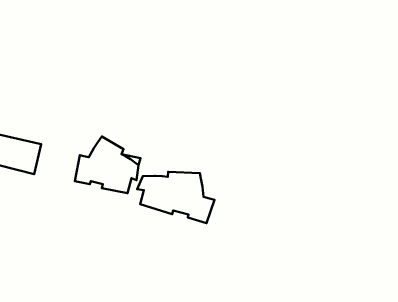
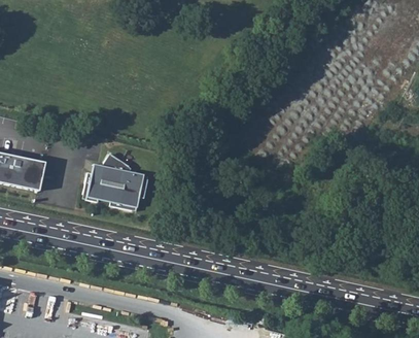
building: [137,172,215,223] -> none

